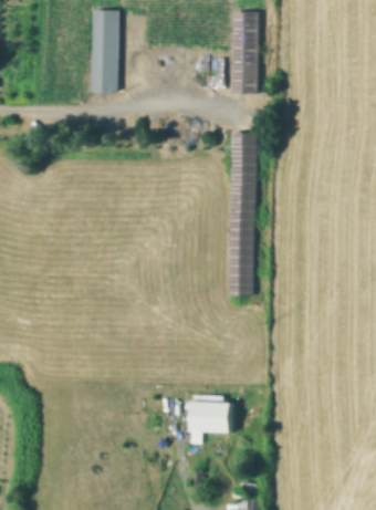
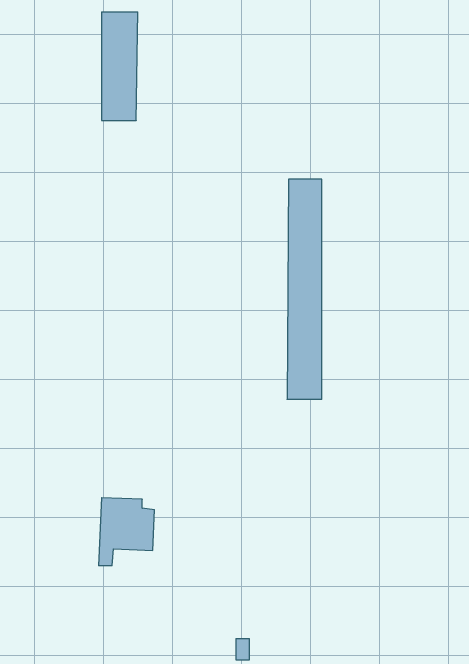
building: [232,14,257,95] -> none
building: [187,394,228,444] -> [99,498,154,566]

